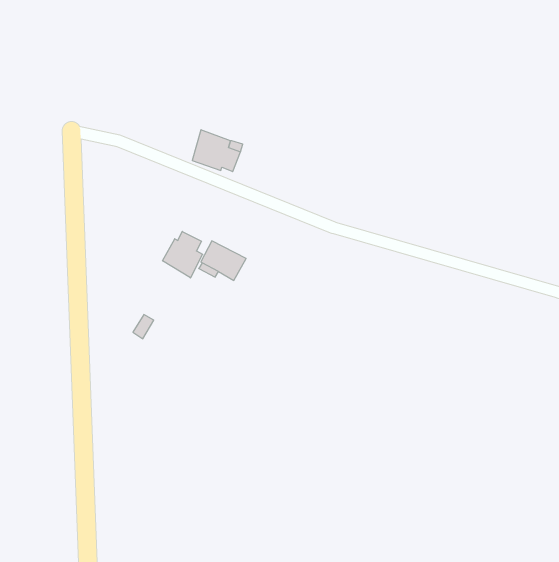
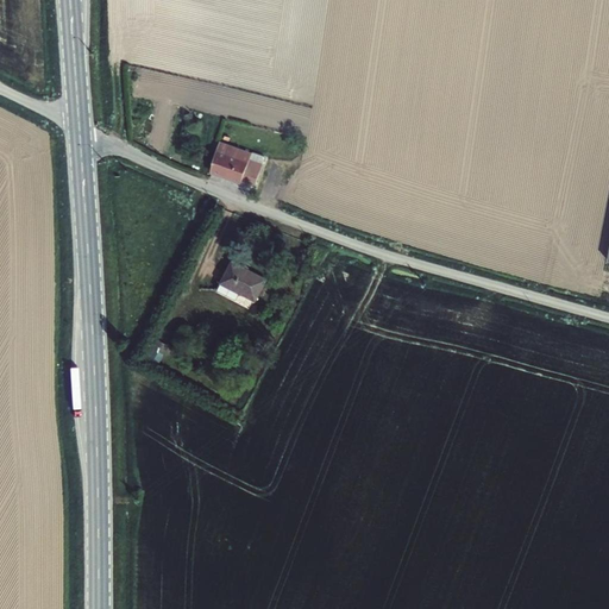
building: [163,231,203,278] -> none

